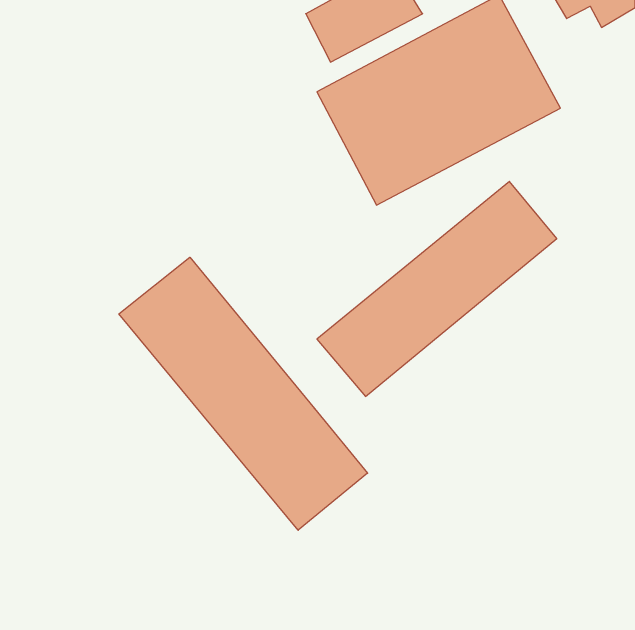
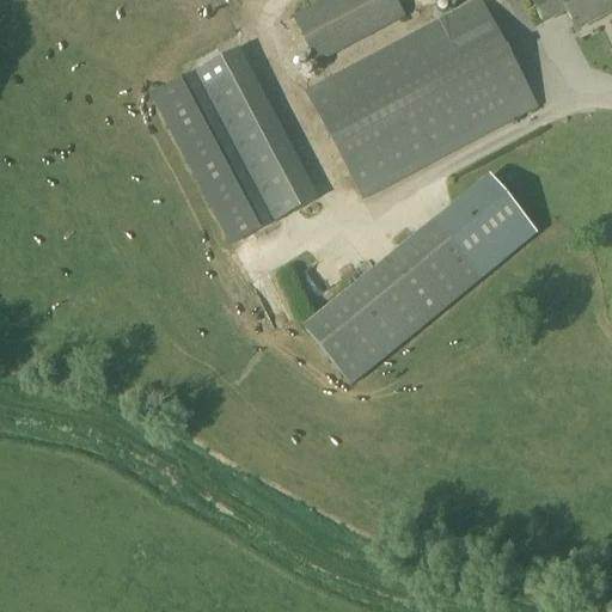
building: none -> [152,49,317,243]
building: [119,257,368,530] -> none

